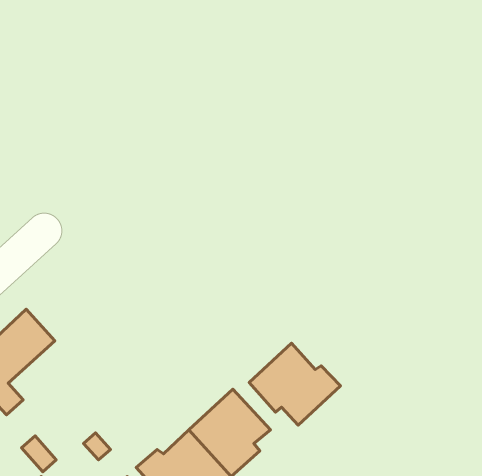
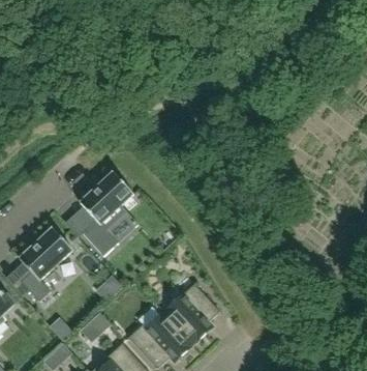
building: none -> [81,172,133,256]
building: [249,343,340,425] -> none

